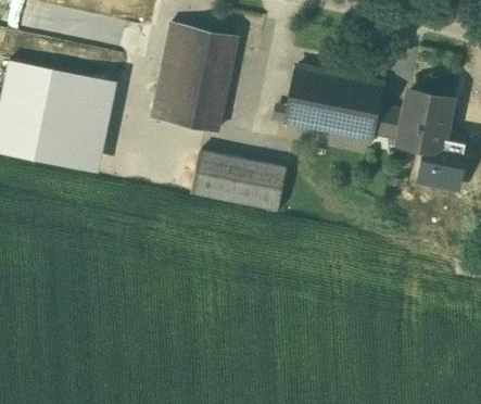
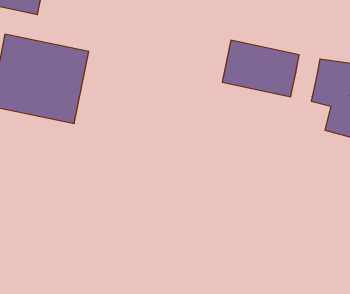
building: [152,23,236,132] -> none
building: [374,109,405,139] -> none
building: [192,152,286,212] -> none

